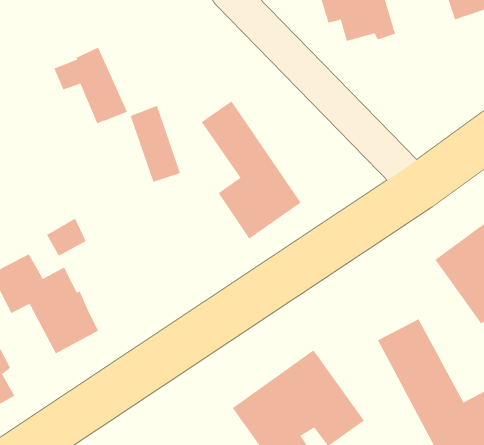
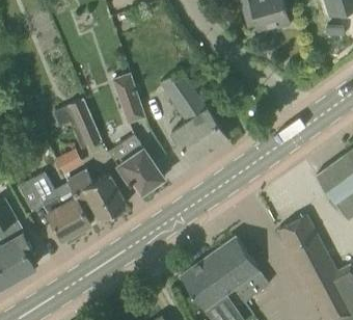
building: [54,47,128,124] -> [52,98,102,150]
building: none -> [108,134,164,193]
building: none -> [65,168,127,219]

